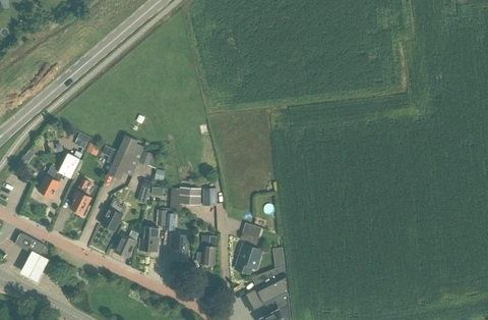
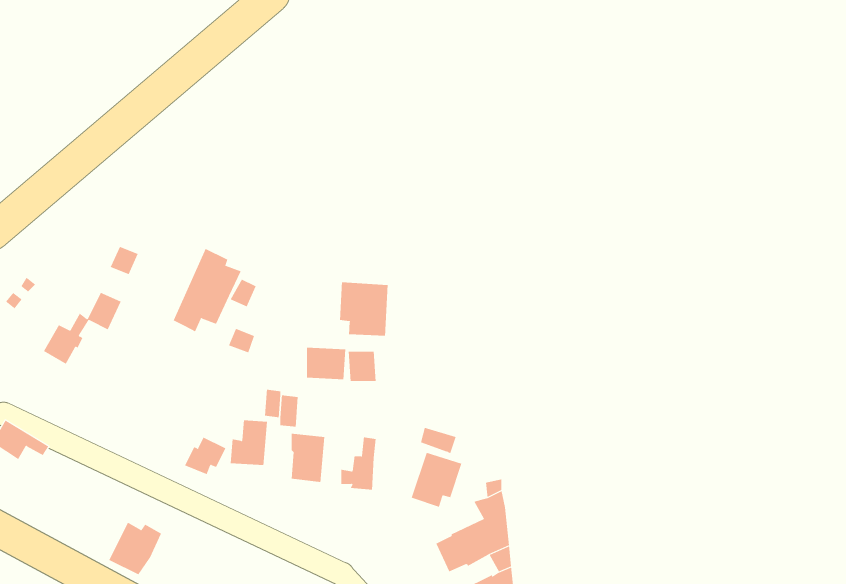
building: none -> [340,282,388,336]
building: [69,177,89,213] -> none
building: [100,199,124,230] -> none
building: [20,252,49,280] -> [109,522,162,575]

